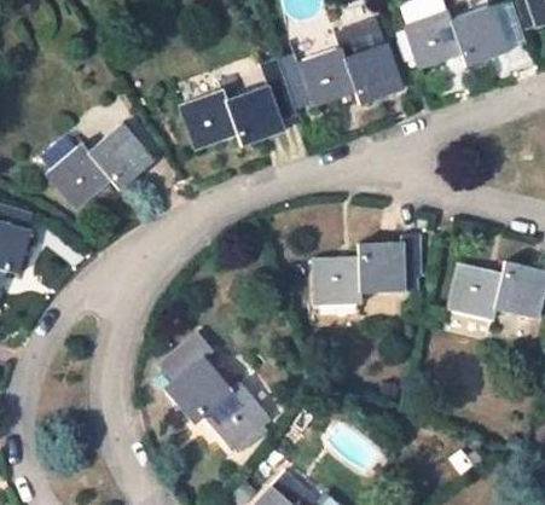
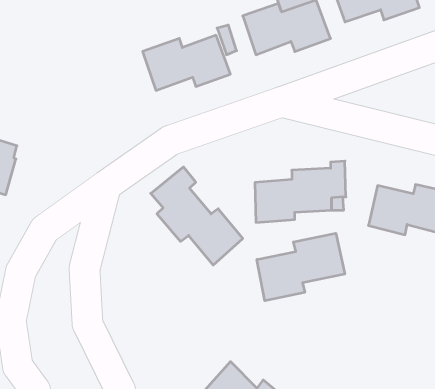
building: [45,123,152,209] -> none
building: none -> [257,233,345,301]
building: [158,333,267,449] -> [151,167,243,265]

